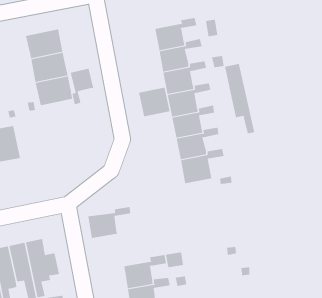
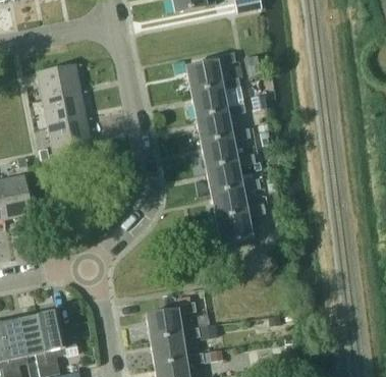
building: [225,63,255,134] -> none
building: [70,68,94,105] -> none
building: [139,87,170,117] -> none
building: [88,207,131,238] -> [147,301,197,337]

